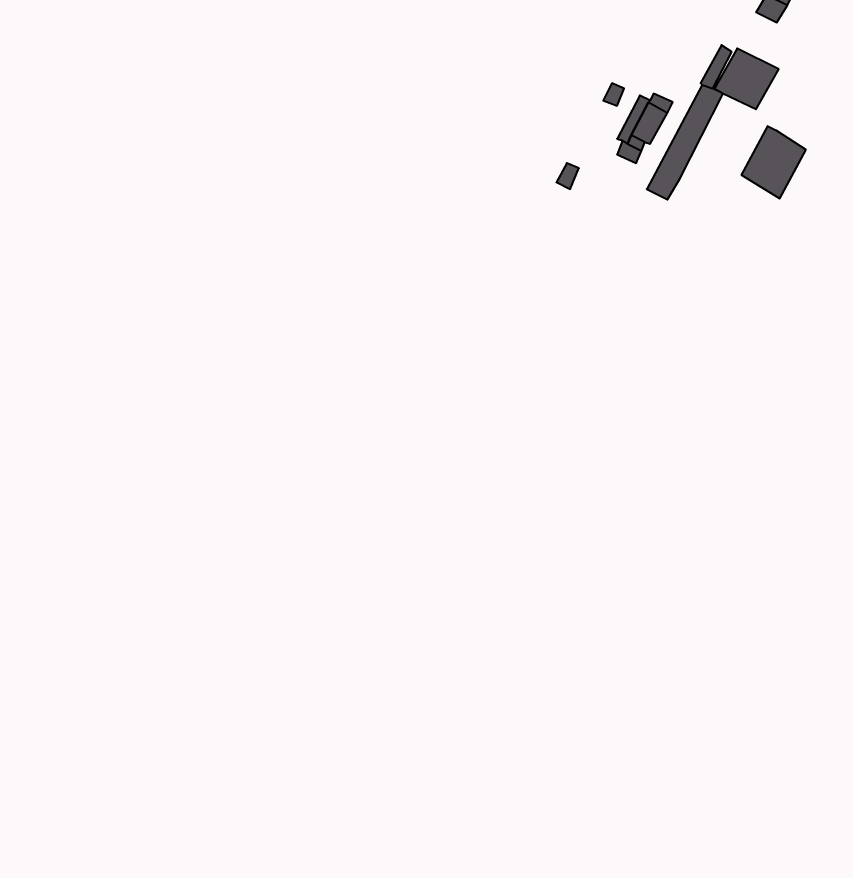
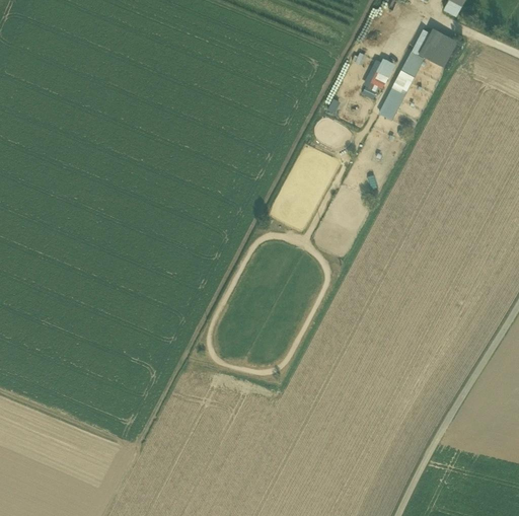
building: [742,126,806,199] -> none

